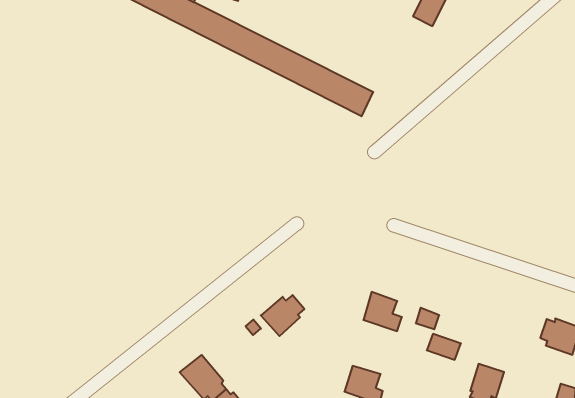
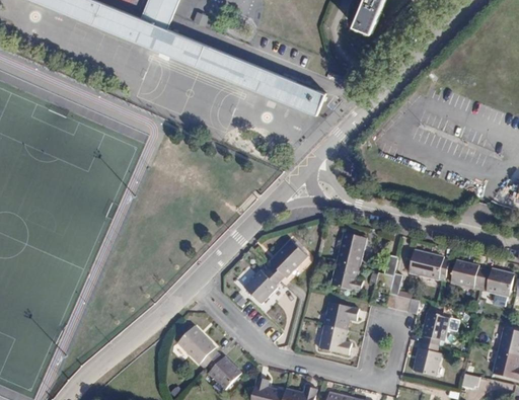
building: none -> [268,240,307,282]
building: none -> [335,236,363,268]
building: none -> [406,254,443,285]
building: none -> [451,264,485,294]
building: none -> [323,303,359,331]

